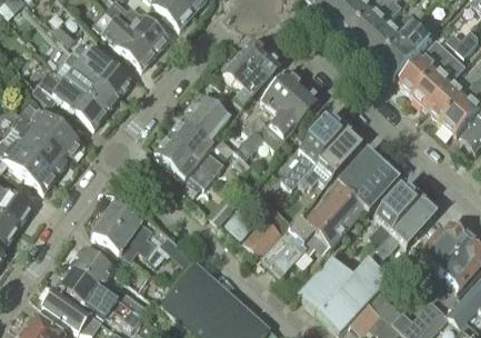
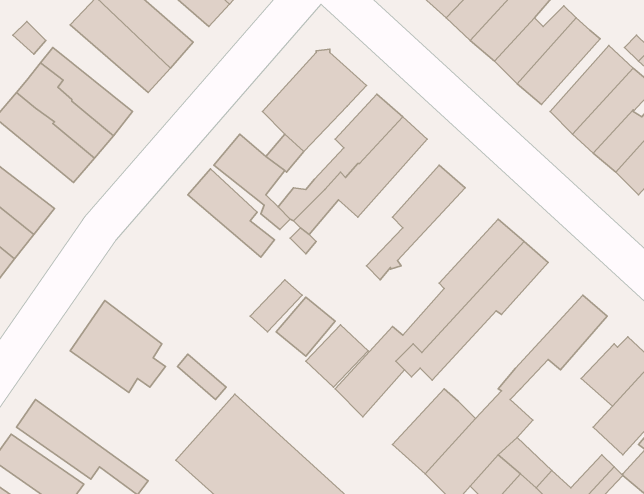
building: [298,130,361,188] -> none
building: [154,135,214,187] -> none
building: [369,183,421,246] -> none
building: [70,248,149,318] -> none

